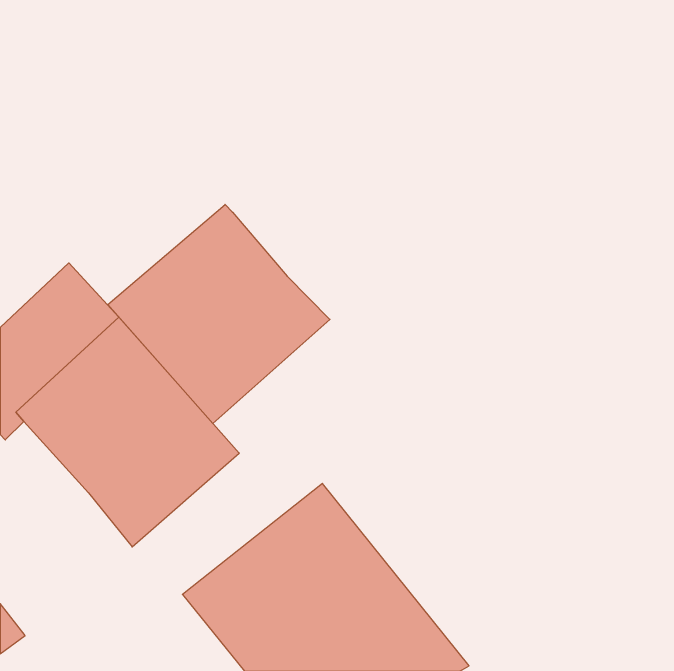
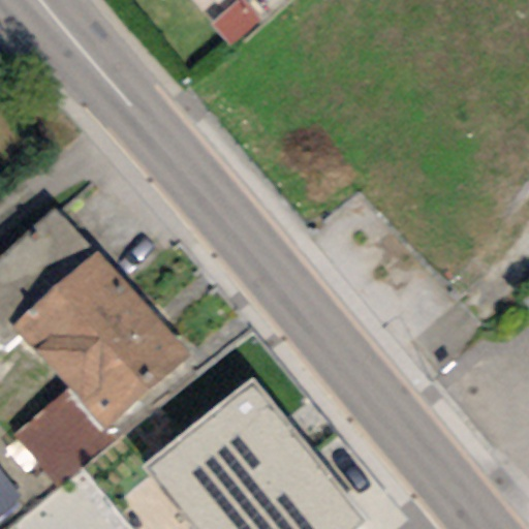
building: [108,204,330,423] -> none
building: none -> [12,385,116,488]

